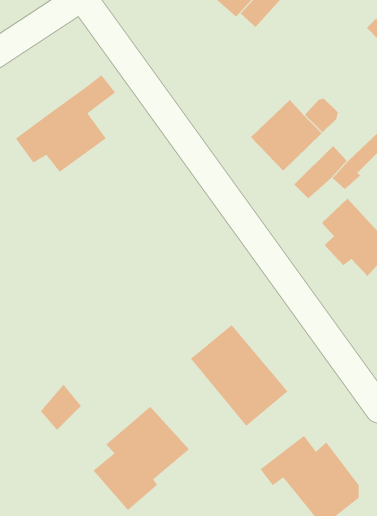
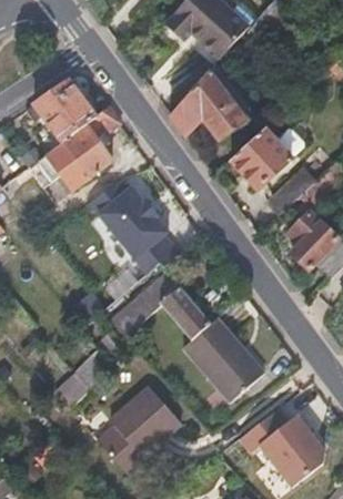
building: none -> [167,73,241,138]
building: none -> [31,80,94,142]
building: none -> [92,184,176,271]
building: none -> [107,268,210,338]

